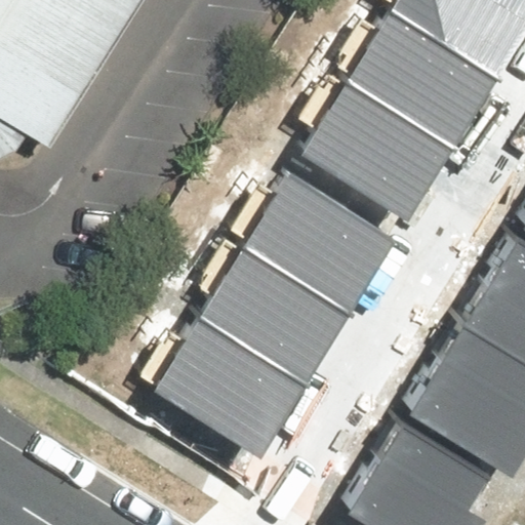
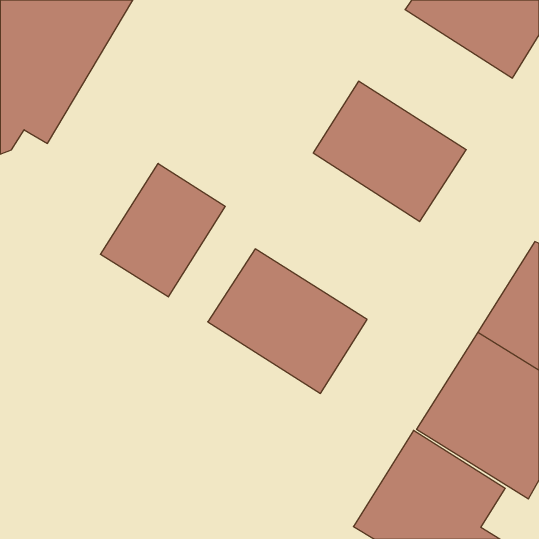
building: [349,9,498,146] -> none
building: none -> [100,163,225,297]
building: [248,170,403,311] -> none
building: [157,313,312,453] -> none

